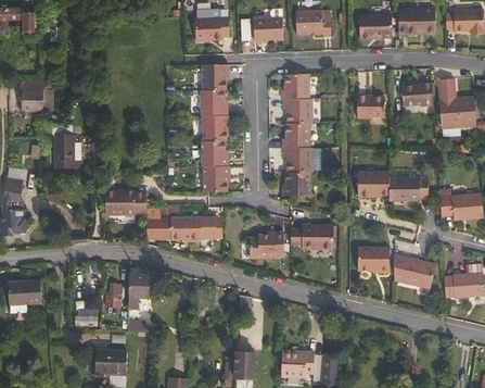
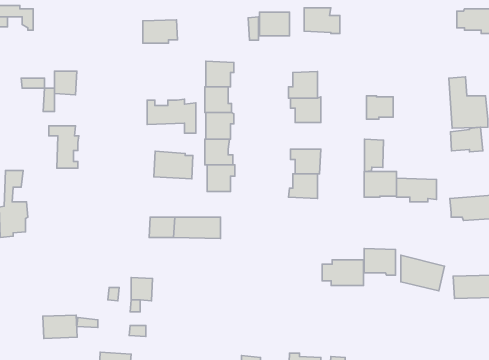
building: [398,10,435,35] -> none
building: [195,16,229,39] -> [143,20,177,43]
building: [359,17,391,40] -> none
building: [401,83,433,107] -> [450,127,483,152]
building: [23,90,44,113] -> [54,71,77,95]
building: none -> [147,99,196,133]
building: [282,124,310,150] -> none
building: none -> [365,139,384,172]
building: [102,193,140,221] -> [154,151,193,179]
building: [292,224,332,249] -> [322,260,363,285]
building: [248,234,283,260] -> none
building: [10,280,43,303] -> [43,315,77,338]

